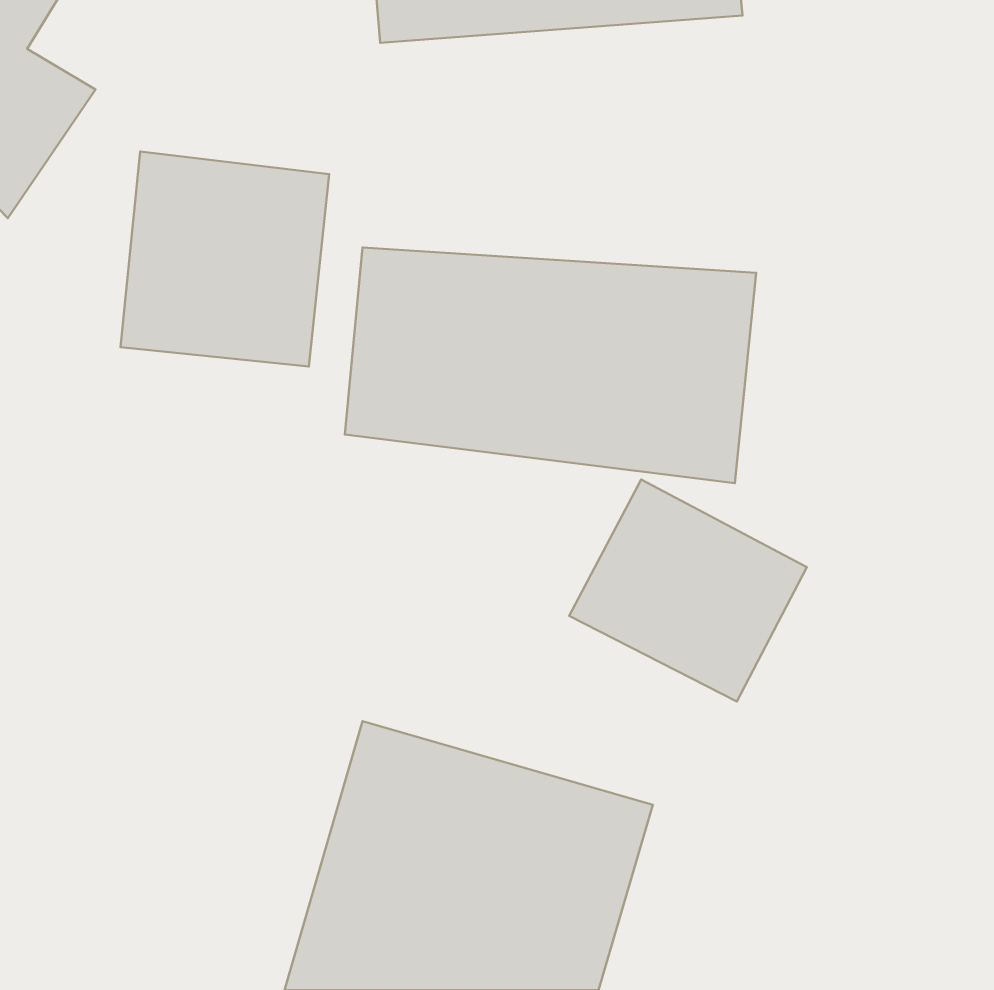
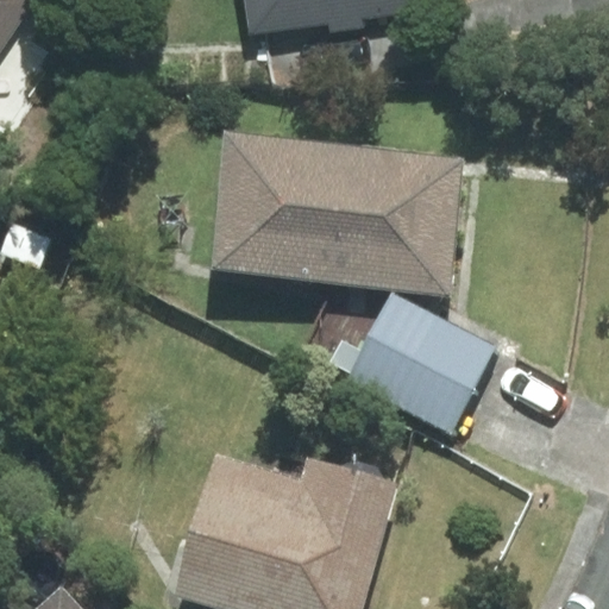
building: [120,152,329,366] -> none

